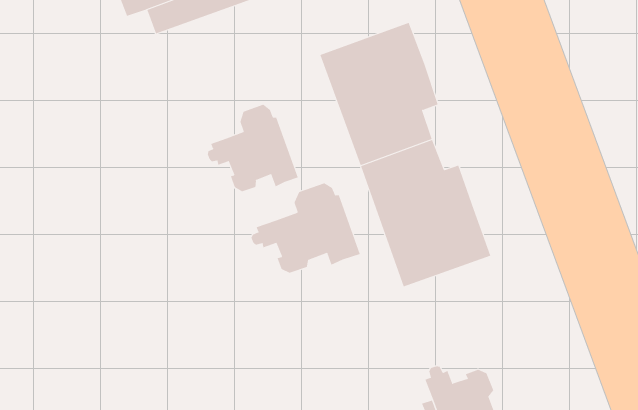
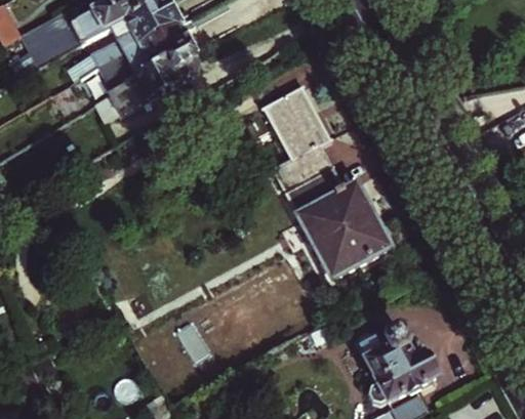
building: [207,104,299,192] -> none
building: [251,182,360,273] -> none

